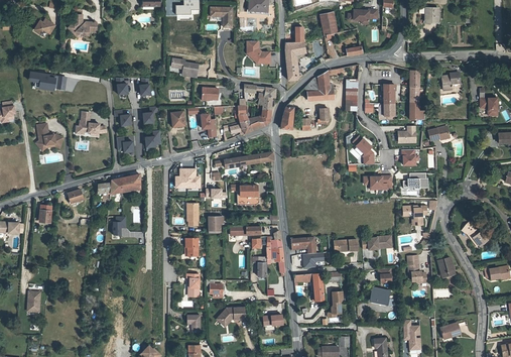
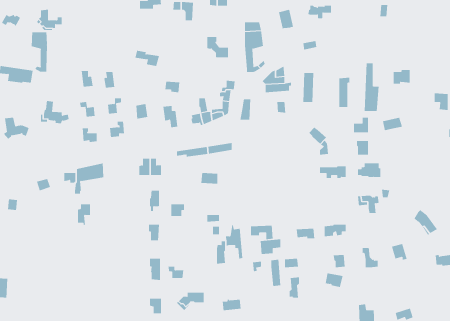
building: none -> [31,31,47,73]

